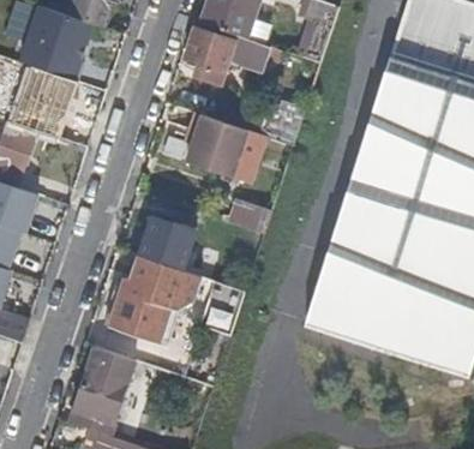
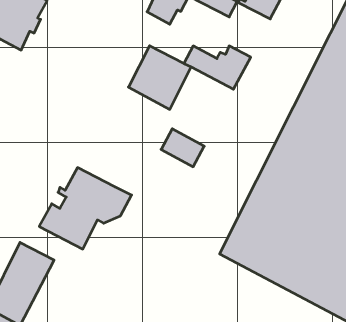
building: [140,217,197,270] -> none

